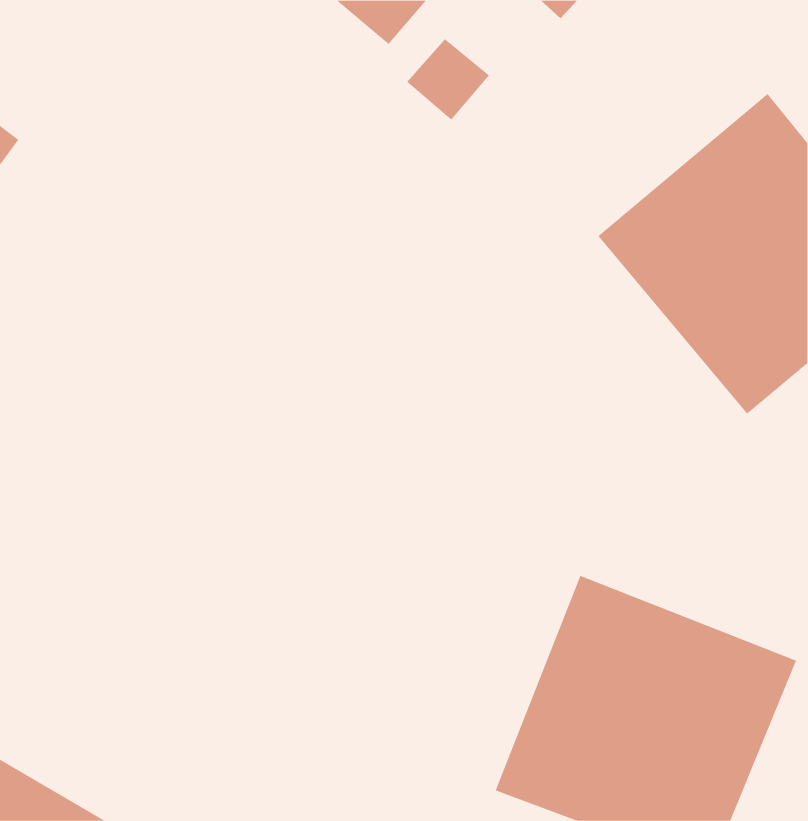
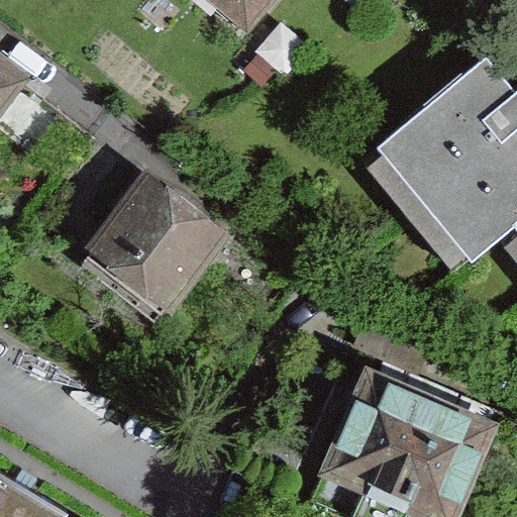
building: none -> [90,190,217,313]

